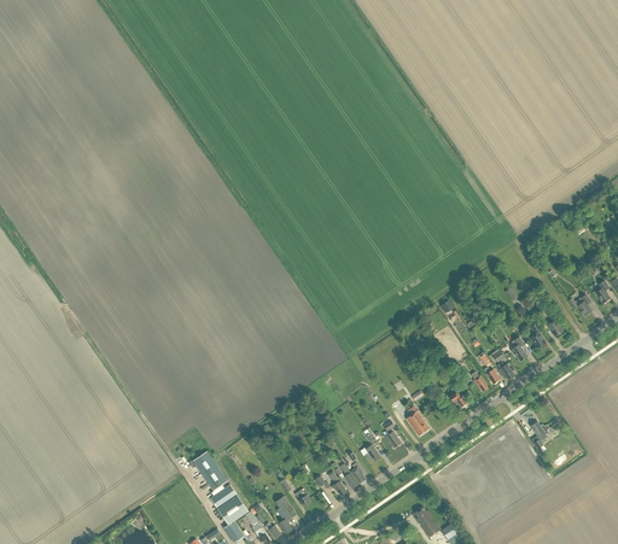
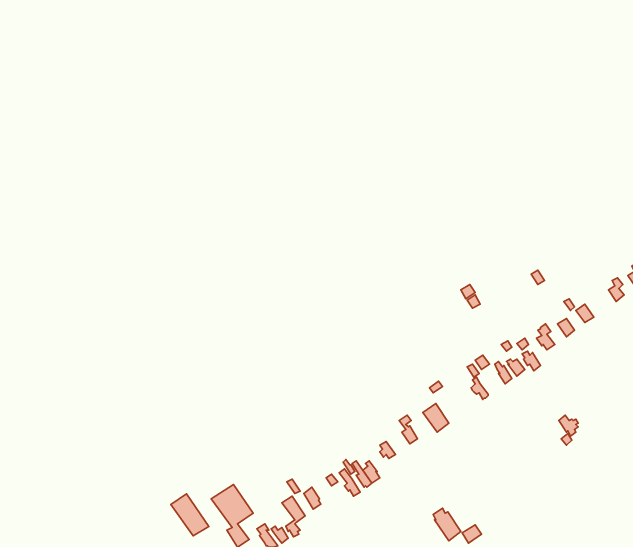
building: [193,451,228,490] -> [171,494,209,536]

